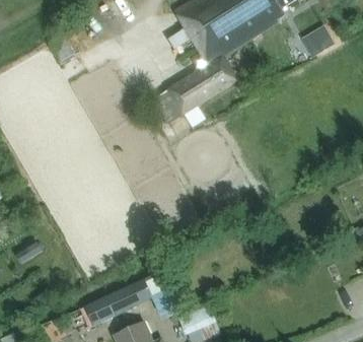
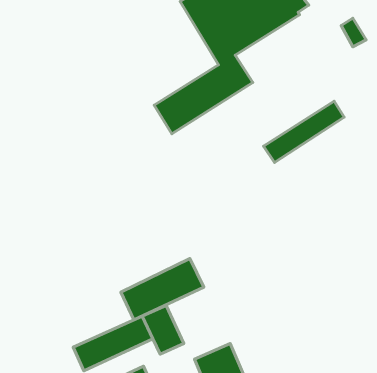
building: none -> [264,101,344,162]
building: none -> [121,258,204,320]

